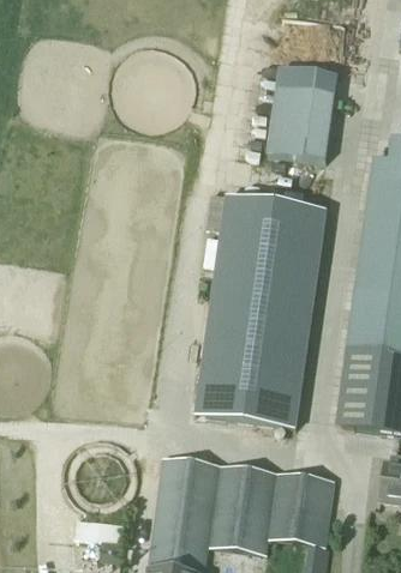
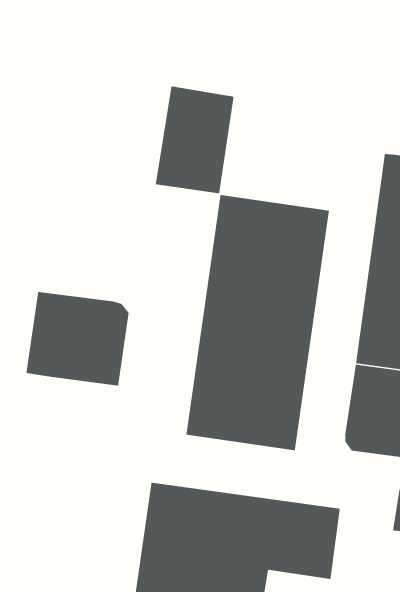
building: [265,66,337,164] -> [155,85,234,194]
building: none -> [26,291,130,387]

